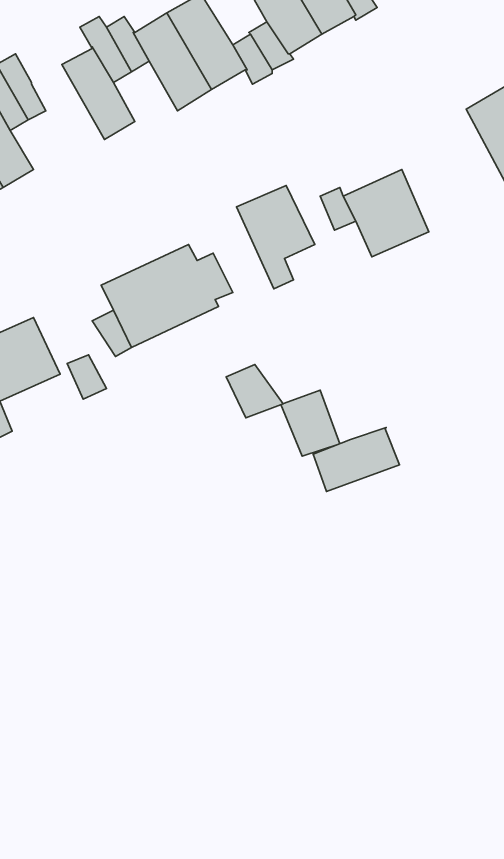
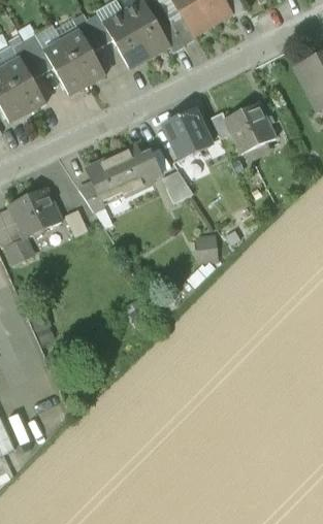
building: none -> [44,40,87,94]
building: [226,365,283,418] -> [161,169,194,200]
building: [313,427,399,491] -> none

